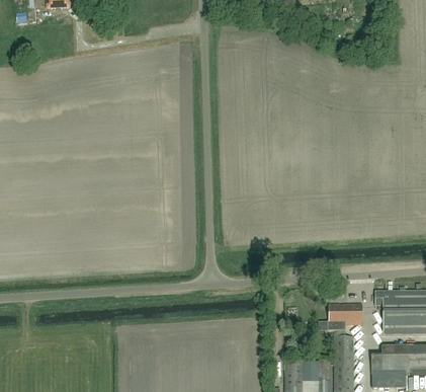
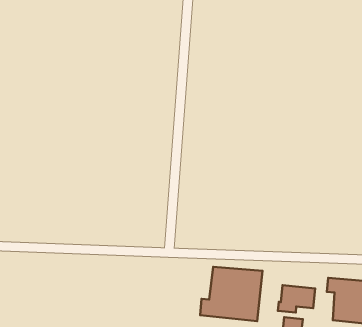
building: none -> [200,267,263,321]

